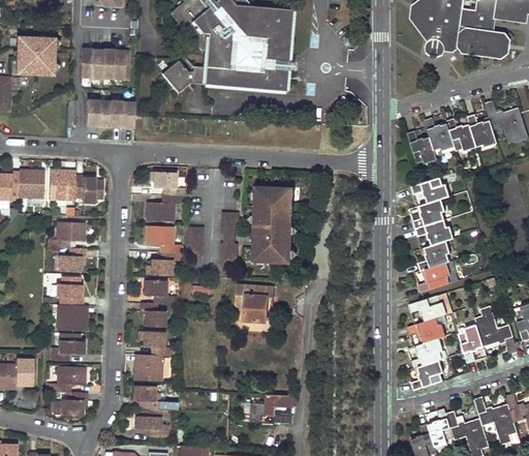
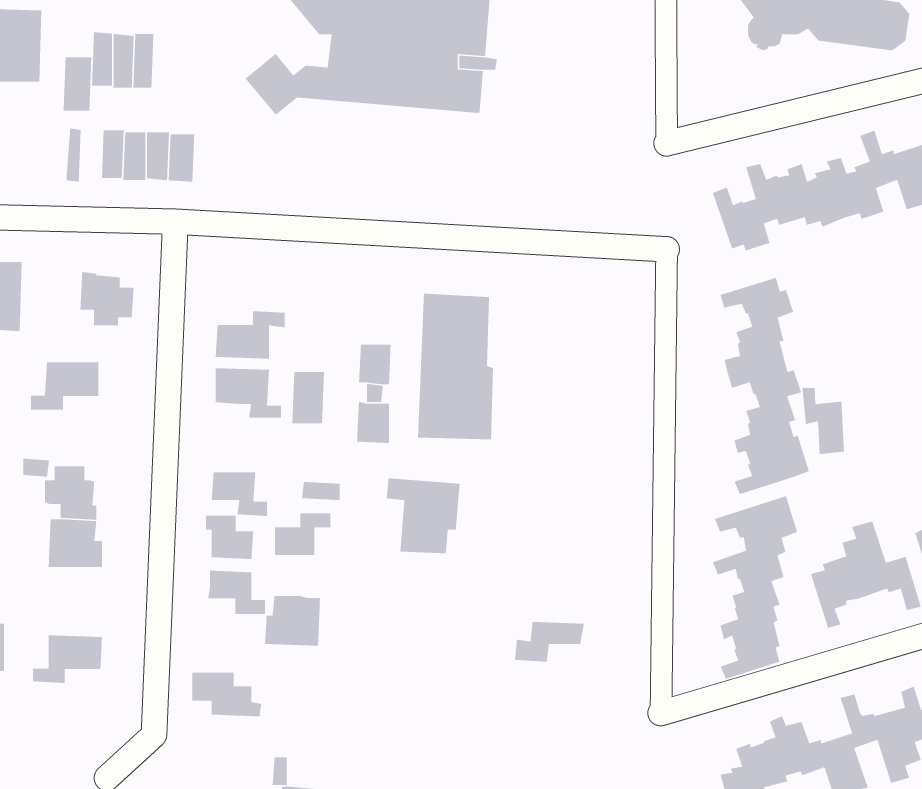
building: [112,51,127,80] -> [63,56,92,111]
building: [48,171,74,201] -> none
building: [153,172,182,196] -> none
building: none -> [802,387,845,455]
building: [59,248,86,272] -> none
building: [150,252,180,275] -> [274,513,331,556]
building: [50,333,84,361] -> none
building: [132,355,162,382] -> [264,595,321,646]
building: [60,392,87,416] -> none
building: [257,394,294,416] -> [514,621,585,662]
building: [134,408,168,437] -> none

